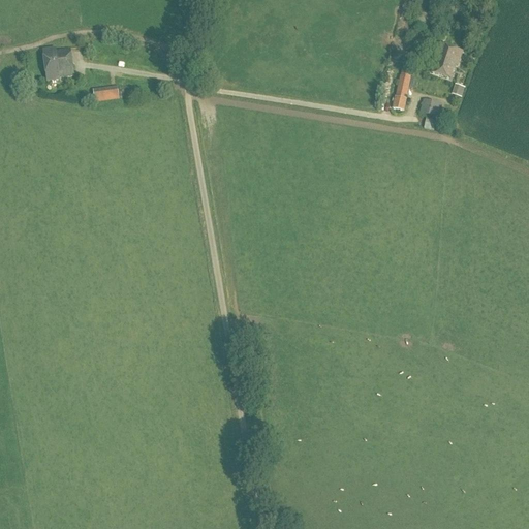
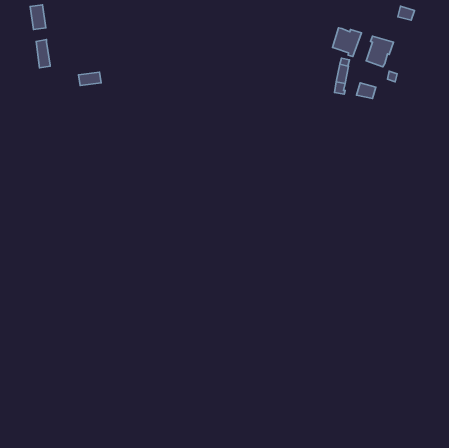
building: none -> [332,28,361,57]
building: [55,48,73,76] -> [30,5,46,29]

